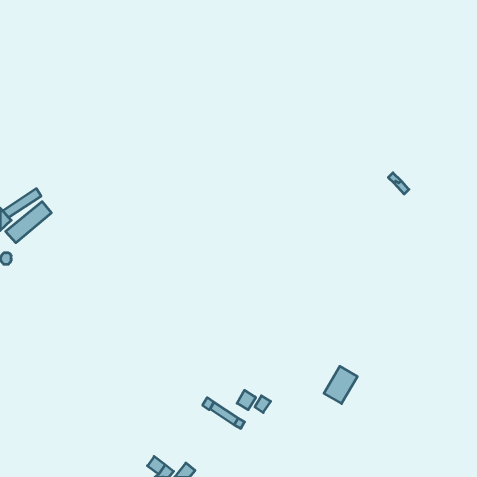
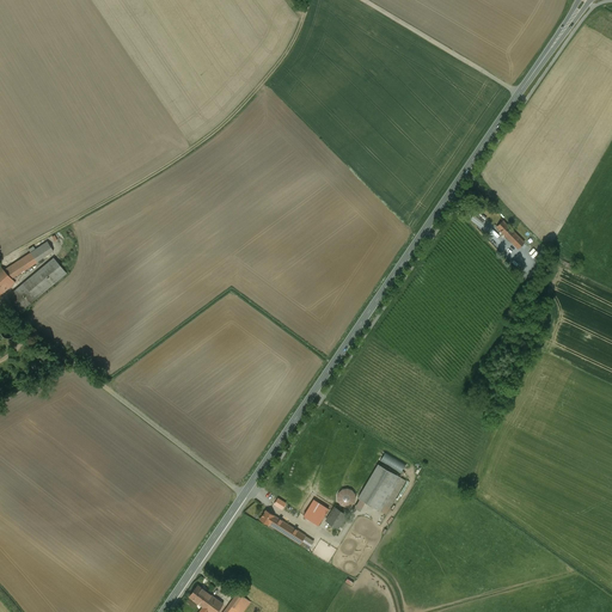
building: [324,366,357,404] -> [357,464,400,512]

